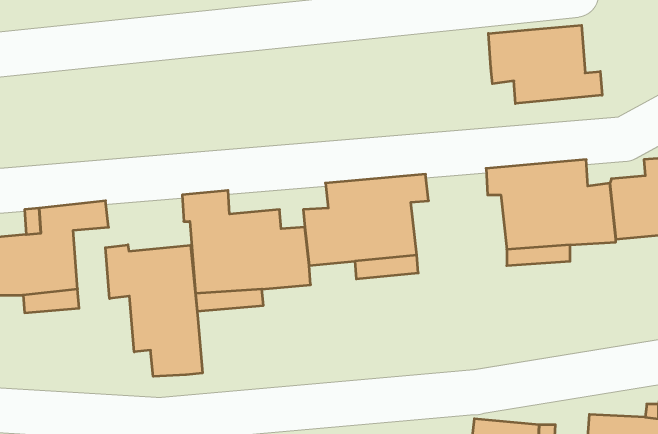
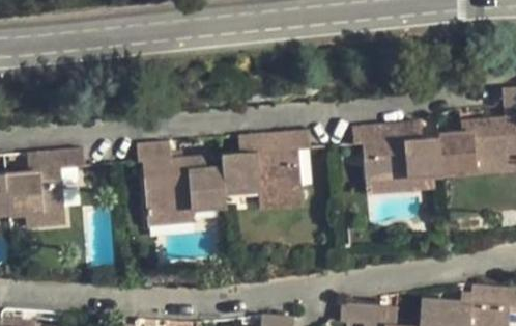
building: [488,25,602,104] -> none
building: [105,245,202,376] -> none

